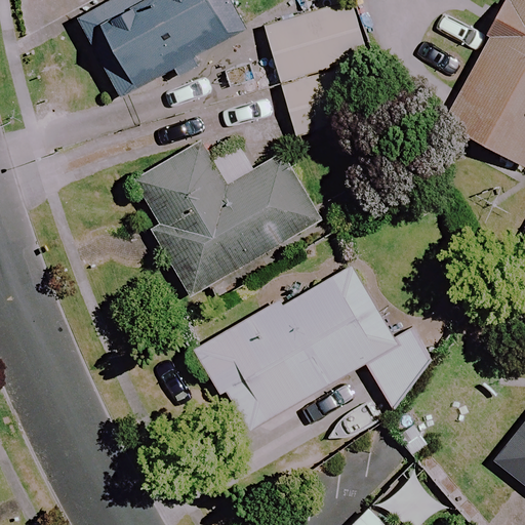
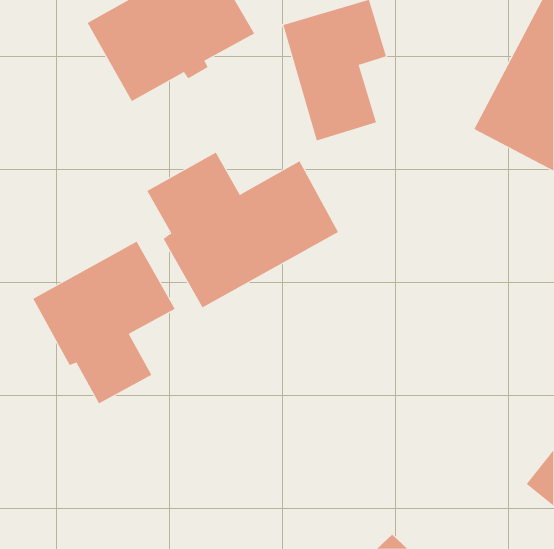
building: none -> [33,241,175,404]
building: [197,264,430,425] -> none

